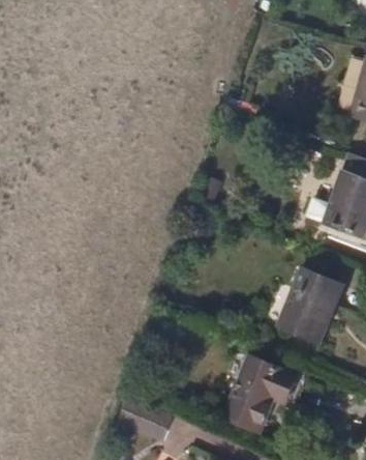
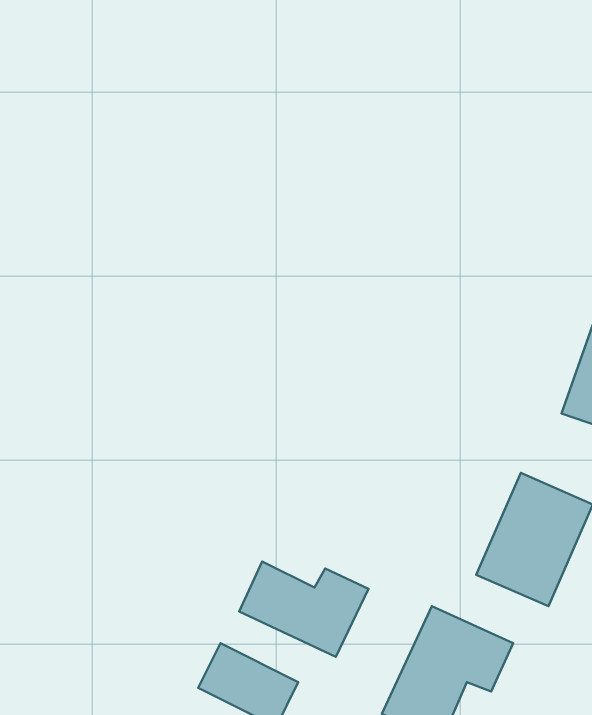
building: none -> [239,562,368,657]

